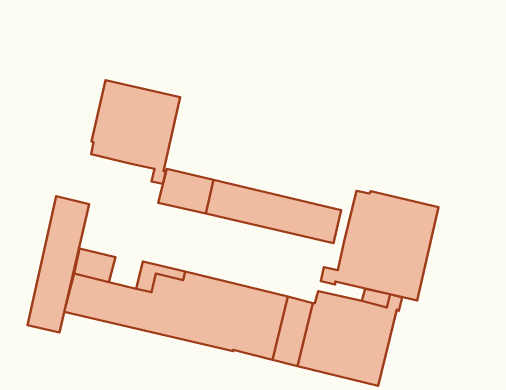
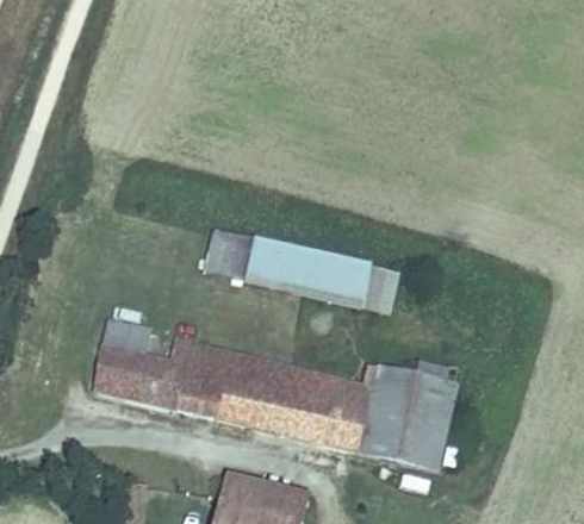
building: [91,80,180,184] -> none
building: [321,191,439,301] -> none
building: [27,196,89,333] -> none

